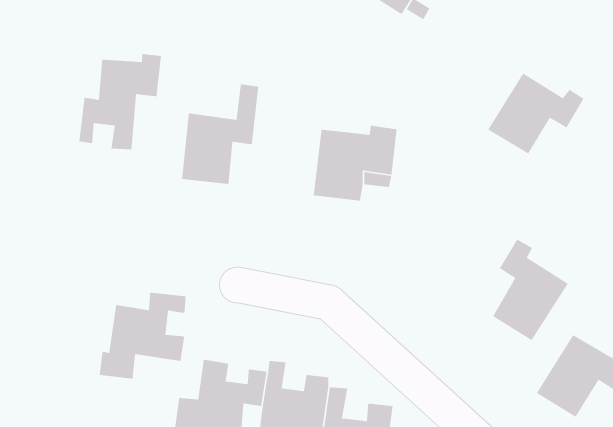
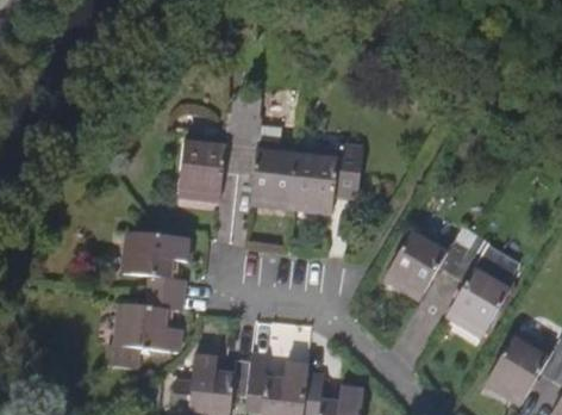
building: [78,53,162,150] -> none
building: [487,72,585,155] -> [385,224,469,296]
building: none -> [239,114,299,210]
building: none -> [124,234,192,297]

